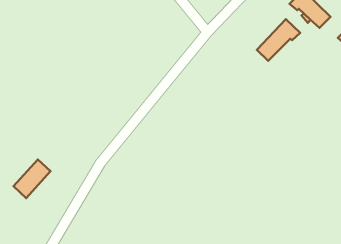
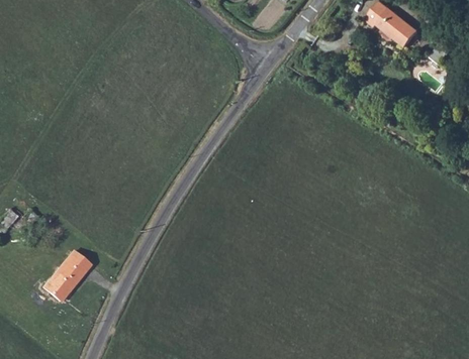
building: [257,19,300,61] -> none

